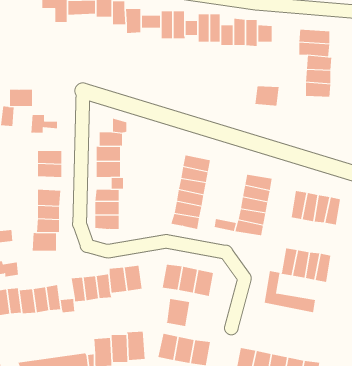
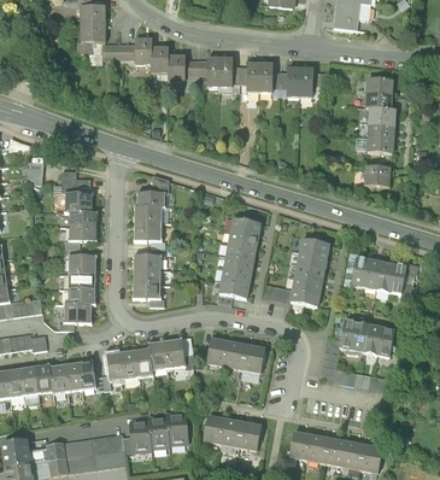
building: [254,86,279,106] -> [363,163,391,186]
building: [9,89,33,107] -> [64,191,90,210]
building: [165,298,190,327] -> none

